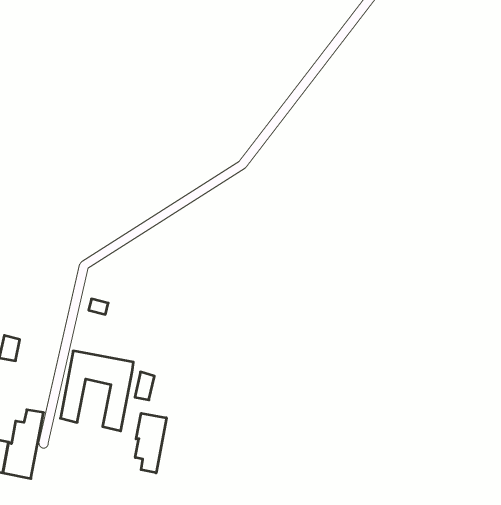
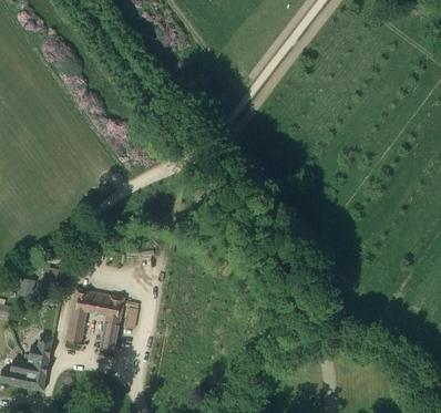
building: [135,413,166,473] -> none

